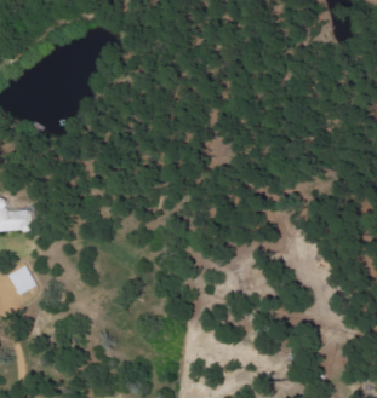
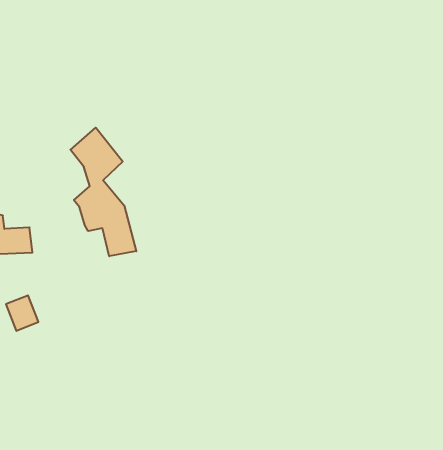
building: none -> [70,128,136,256]

